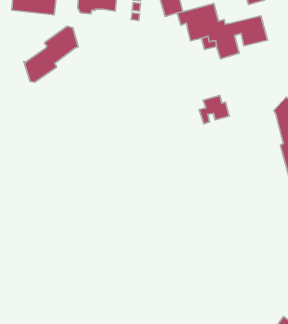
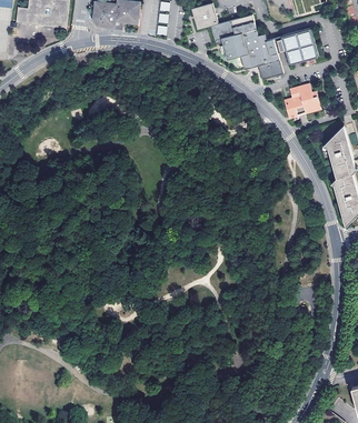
building: [24,26,78,82] -> none
building: [199,96,229,124] -> [285,84,320,118]

